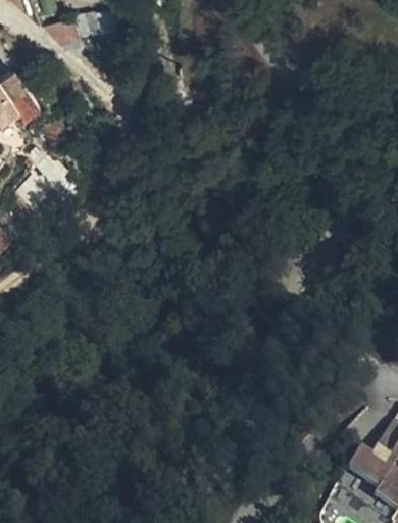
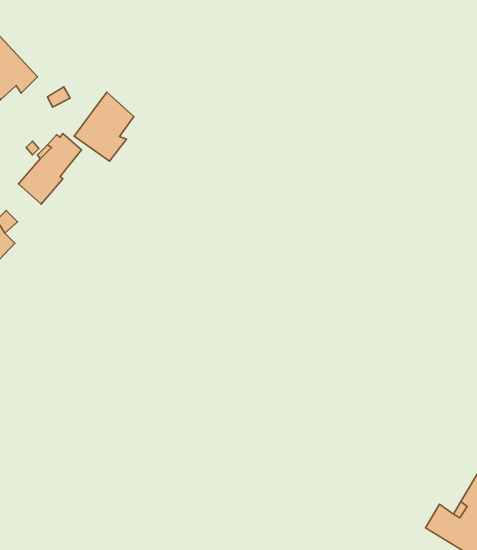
building: none -> [74,92,134,161]

